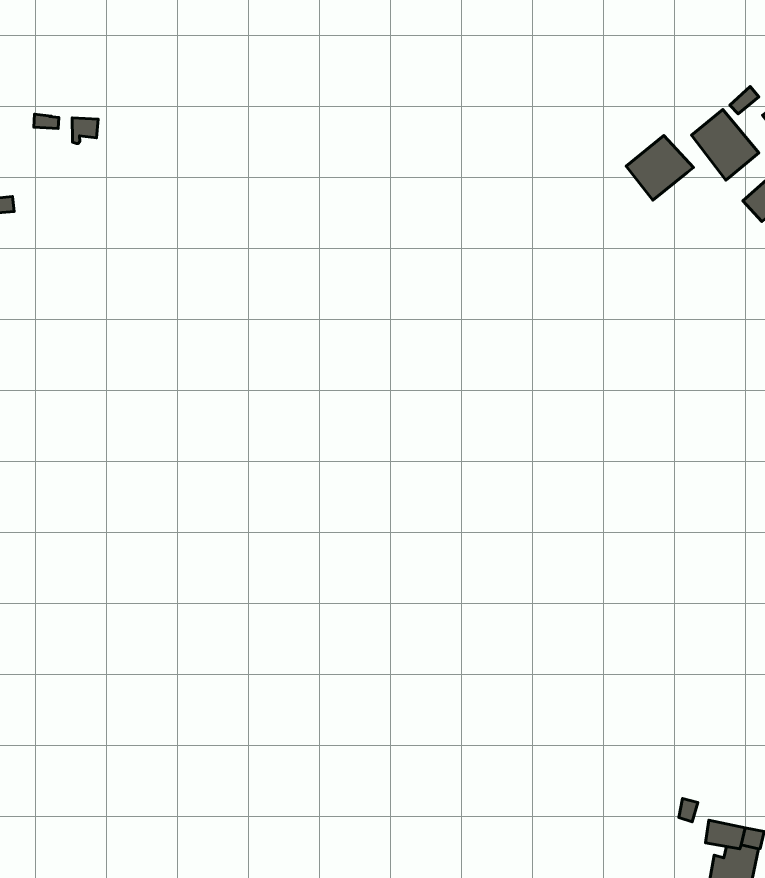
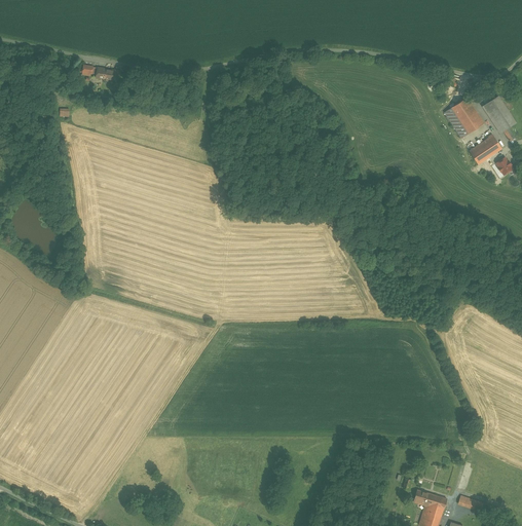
building: [626,135,693,200] -> none

